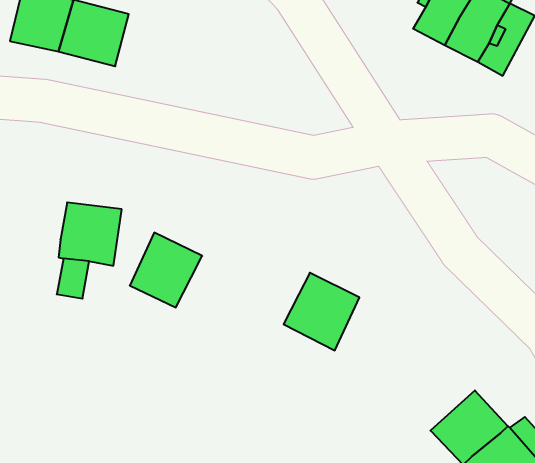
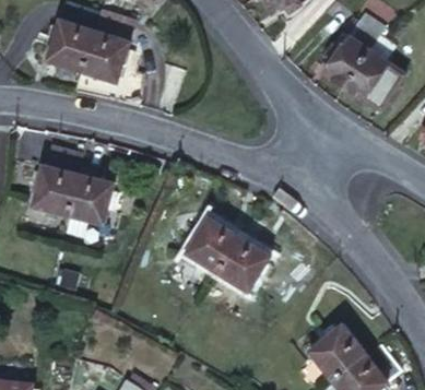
building: none -> [31,165,73,211]
building: [130,233,202,307] -> [185,216,236,269]

